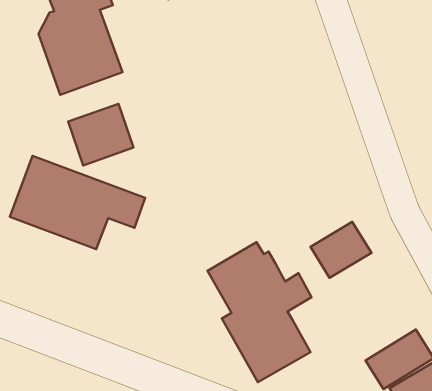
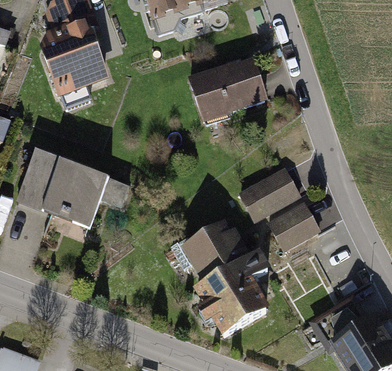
building: none -> [187,54,268,124]
building: [68,104,134,165] -> none
building: none -> [236,165,302,223]

